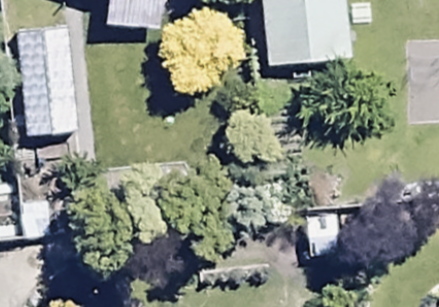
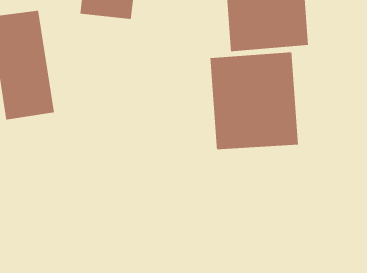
building: none -> [210,52,299,150]

